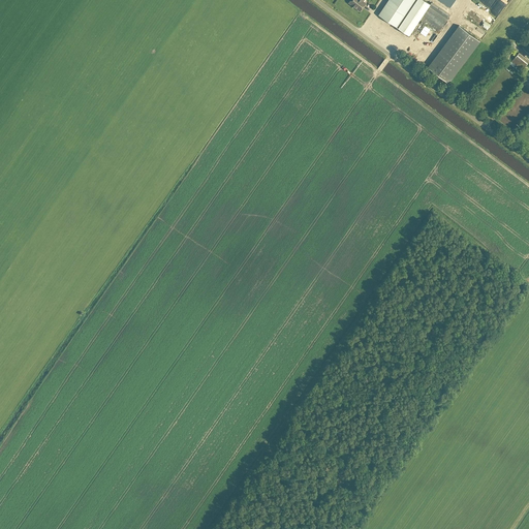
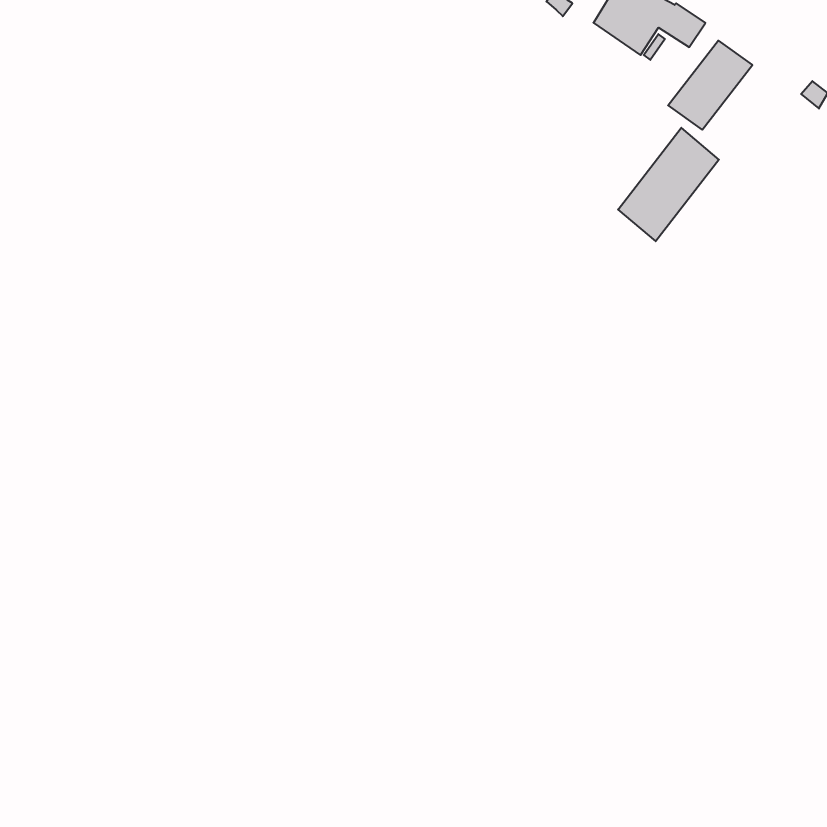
building: none -> [618,128,719,241]

